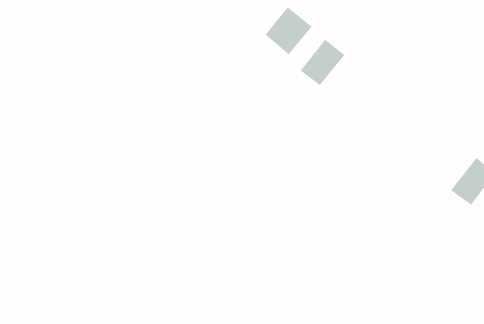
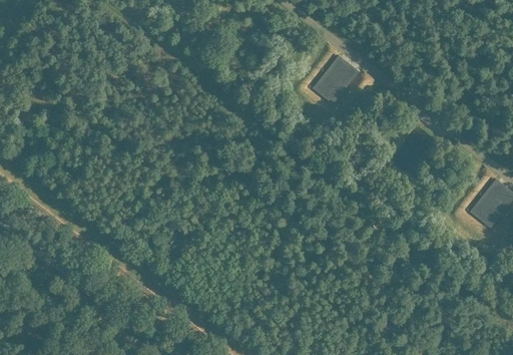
building: [265,6,313,55] -> none

